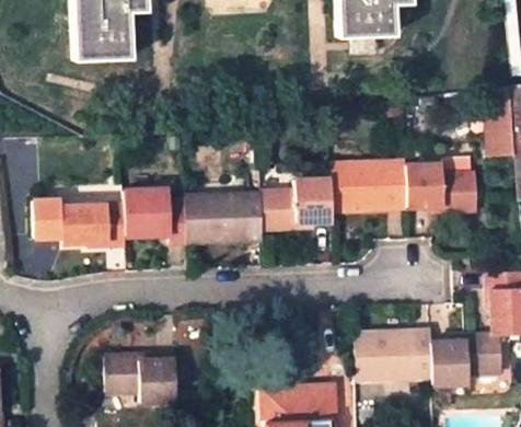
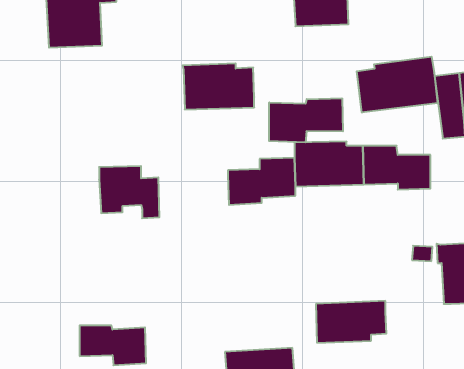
building: none -> [357,57,438,113]
building: none -> [269,98,343,142]
building: [188,193,265,242] -> [183,63,254,109]
building: [35,197,129,244] -> none
building: [432,335,503,385] -> none

